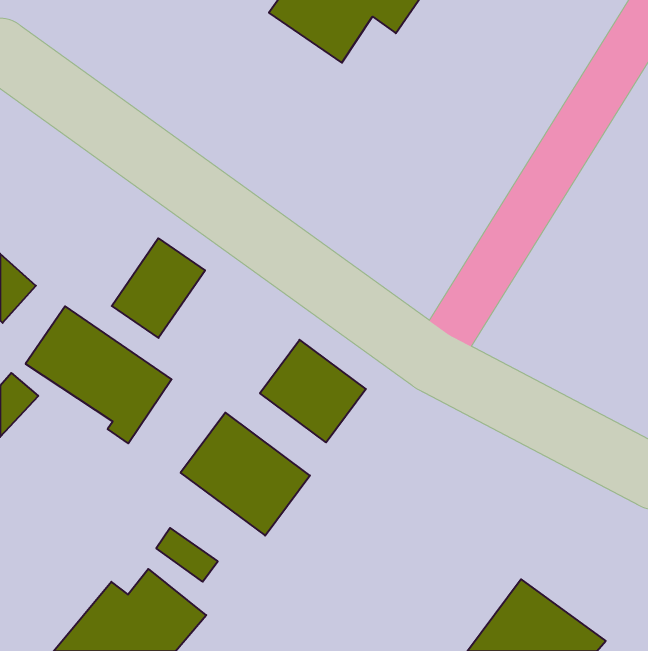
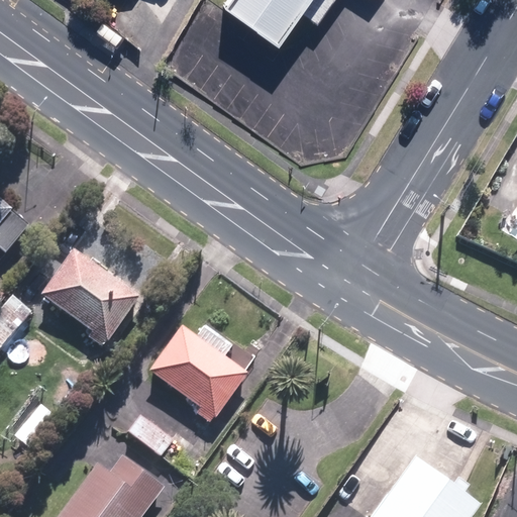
building: [112,238,205,338] -> none
building: [260,340,366,442] -> none

